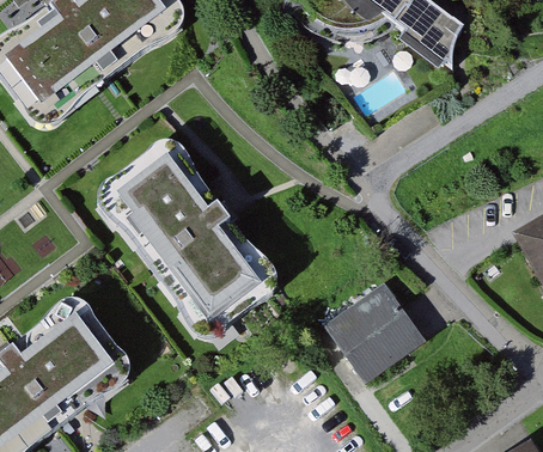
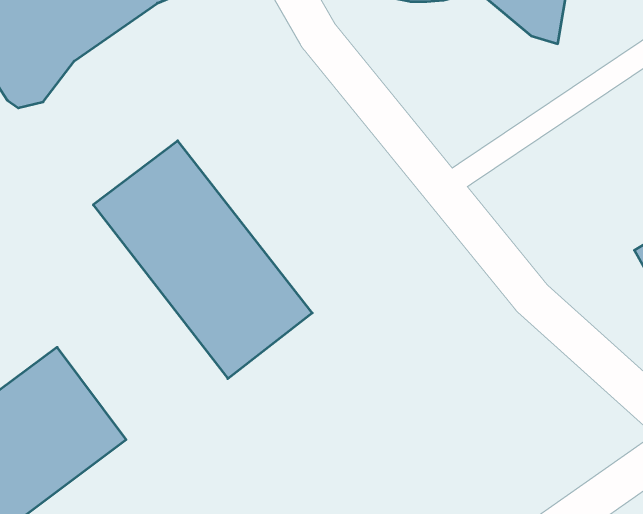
building: [327,277,427,377] -> none

